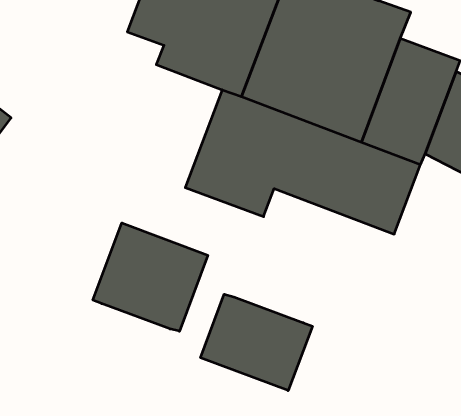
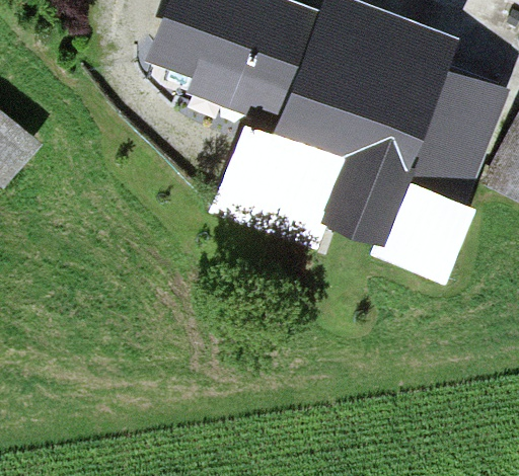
building: [93,223,208,331] -> none
building: [201,294,312,391] -> none

